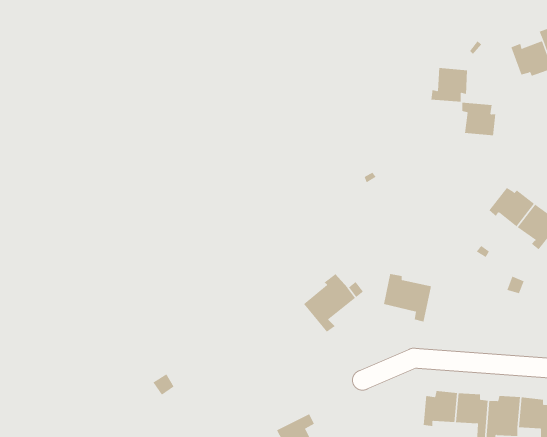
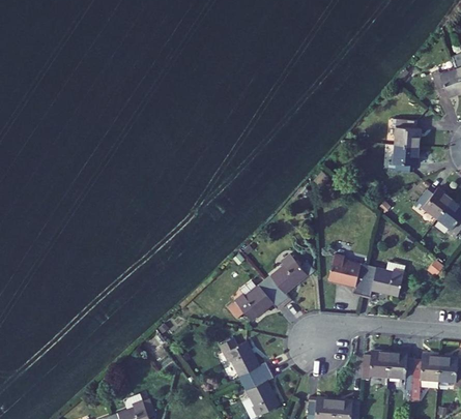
building: [431,68,468,102] -> [387,143,417,171]
building: none -> [362,266,404,297]
building: none -> [227,280,283,321]
building: none -> [219,336,269,382]

